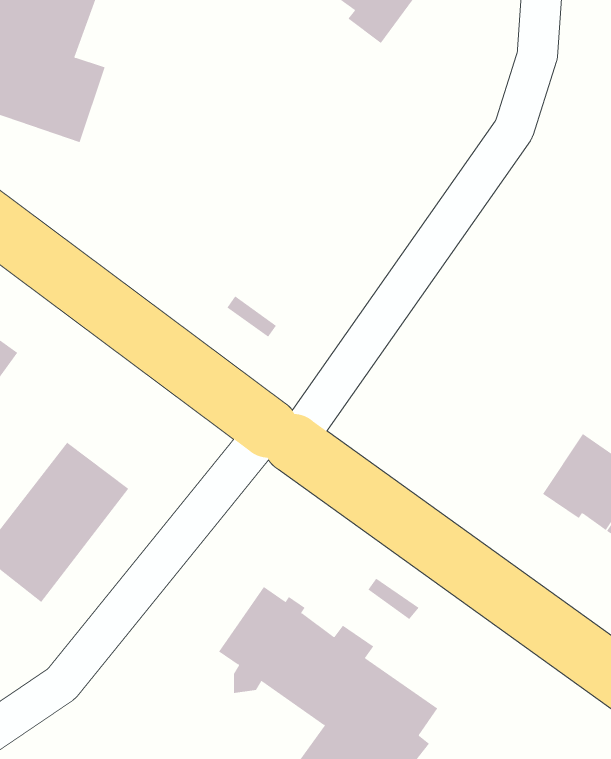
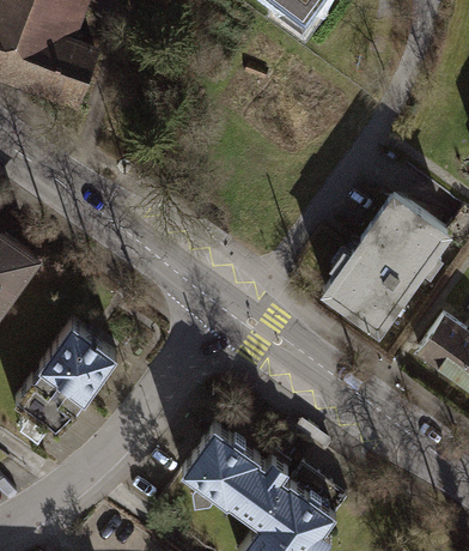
building: none -> [319,190,452,337]

